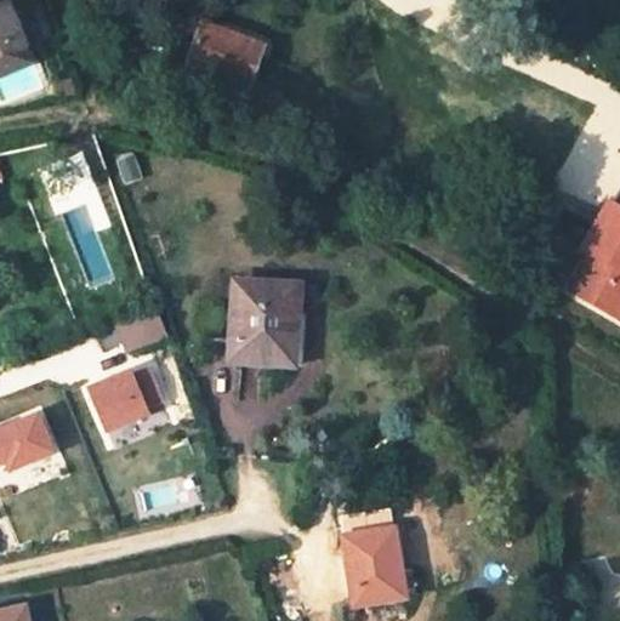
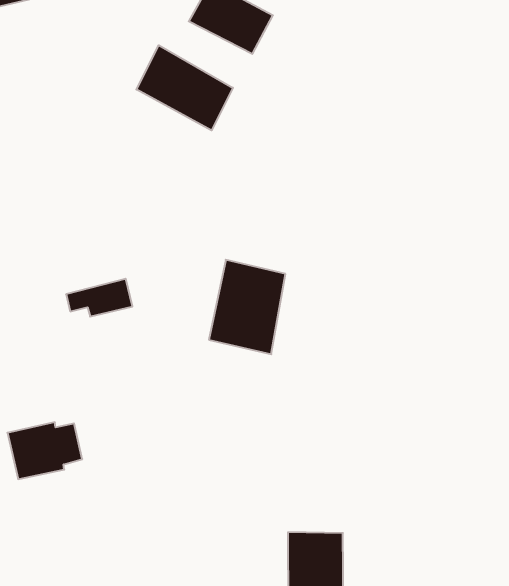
building: none -> [136,45,233,130]
building: [89,374,163,433] -> [7,422,82,479]

